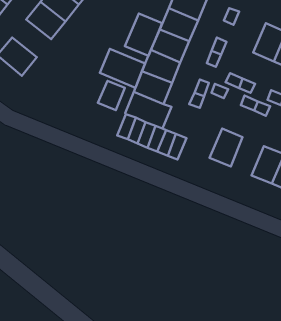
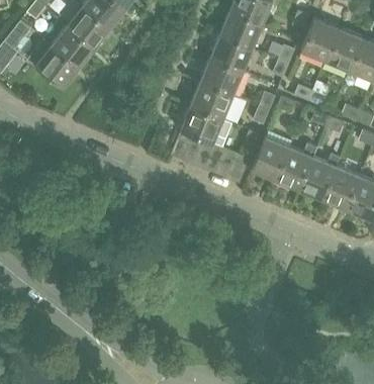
building: [125,13,162,56] -> none
building: none -> [300,18,339,62]
building: none -> [51,24,95,67]
building: [100,49,145,88] -> none
building: [98,81,125,110] -> none
building: none -> [251,138,289,181]
building: none -> [299,154,340,201]

